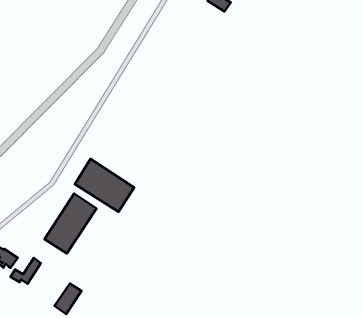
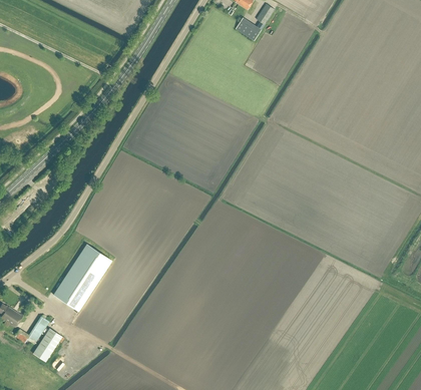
building: [75,159,134,212] -> none
building: [54,284,81,314] -> [32,327,62,361]

